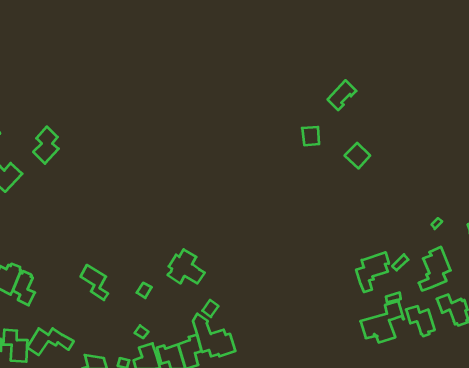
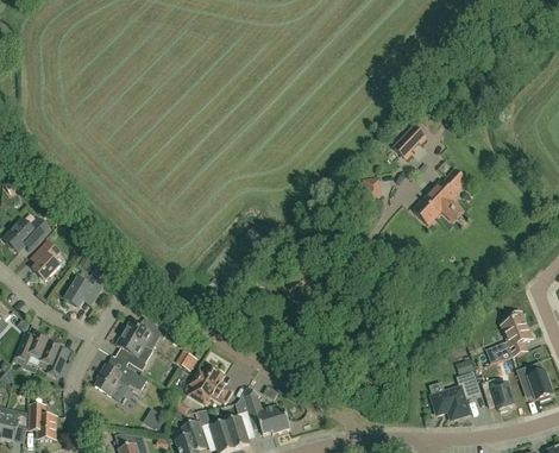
building: none -> [427,169,466,215]
building: [33,127,59,164] -> [32,239,61,281]
building: none -> [64,269,108,308]
building: [168,249,205,283] -> [190,364,232,402]
building: [356,252,389,292] -> none
building: none -> [124,319,168,345]
building: [27,328,74,355] -> [95,365,147,395]

